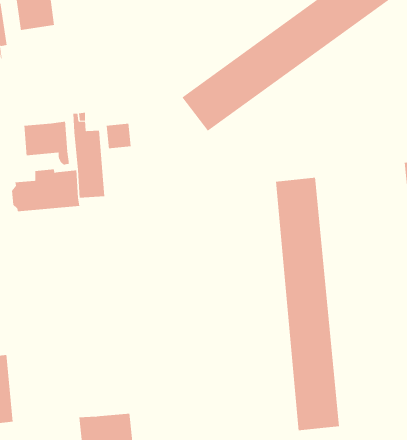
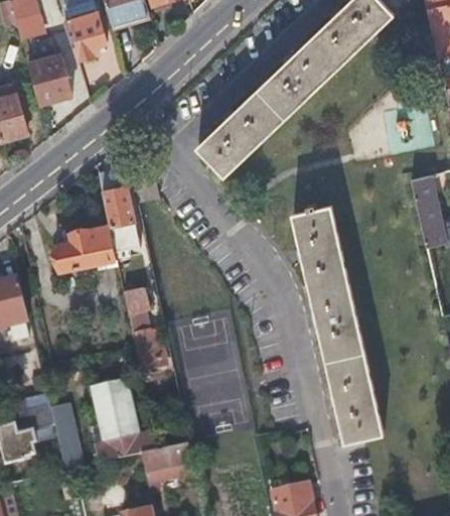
building: [24,121,69,165] -> none
building: none -> [125,287,164,373]
building: none -> [93,382,157,464]

